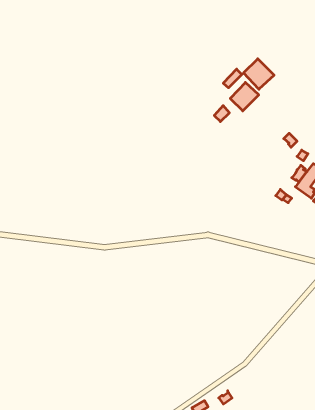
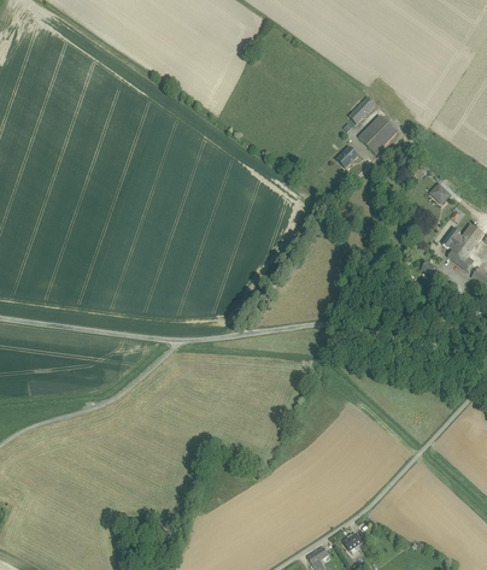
building: [244,59,274,89] -> none

